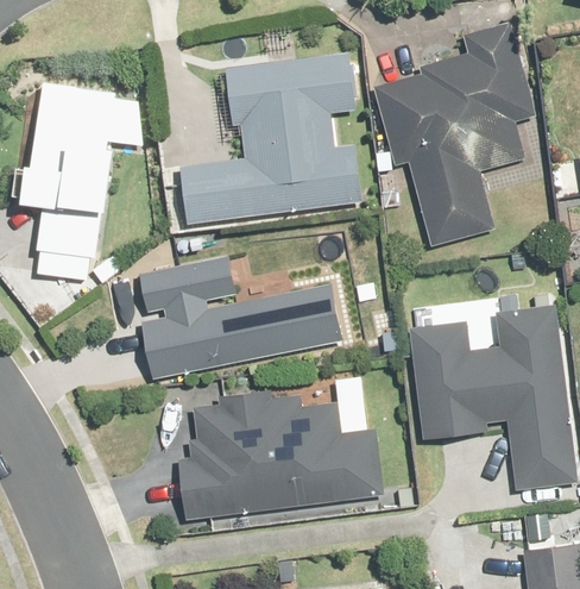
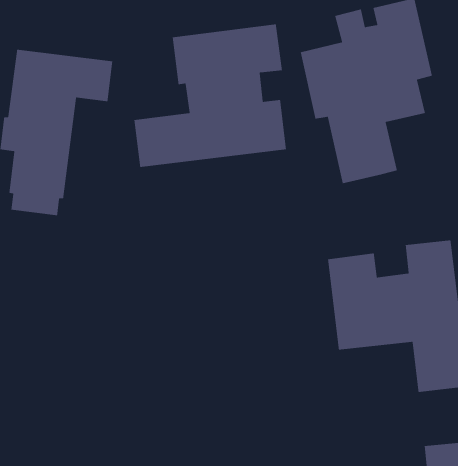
building: [140,256,341,380] -> none
building: [177,389,378,533] -> none

